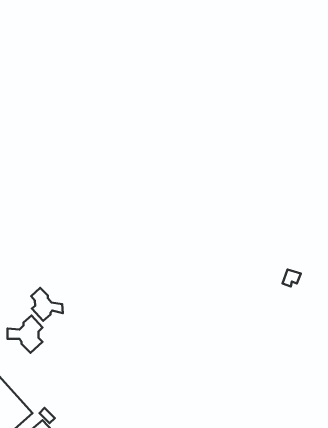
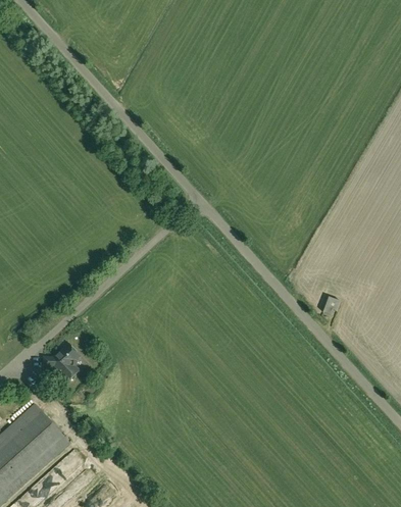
building: [31,288,63,321] -> none

